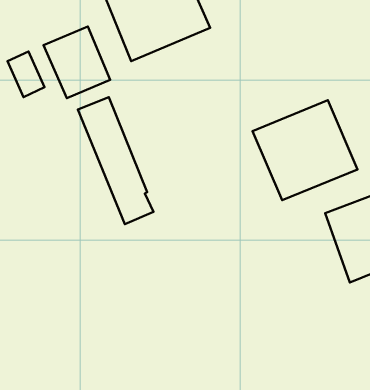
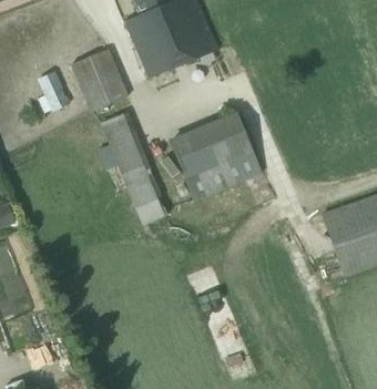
building: [253,100,358,200] -> [166,111,261,201]

